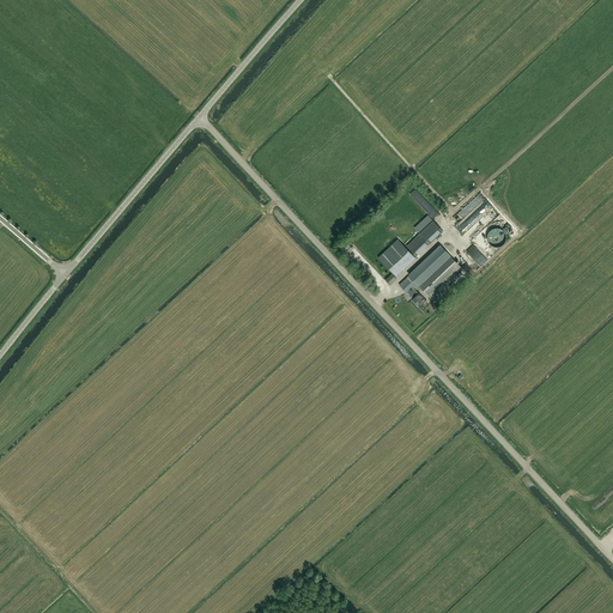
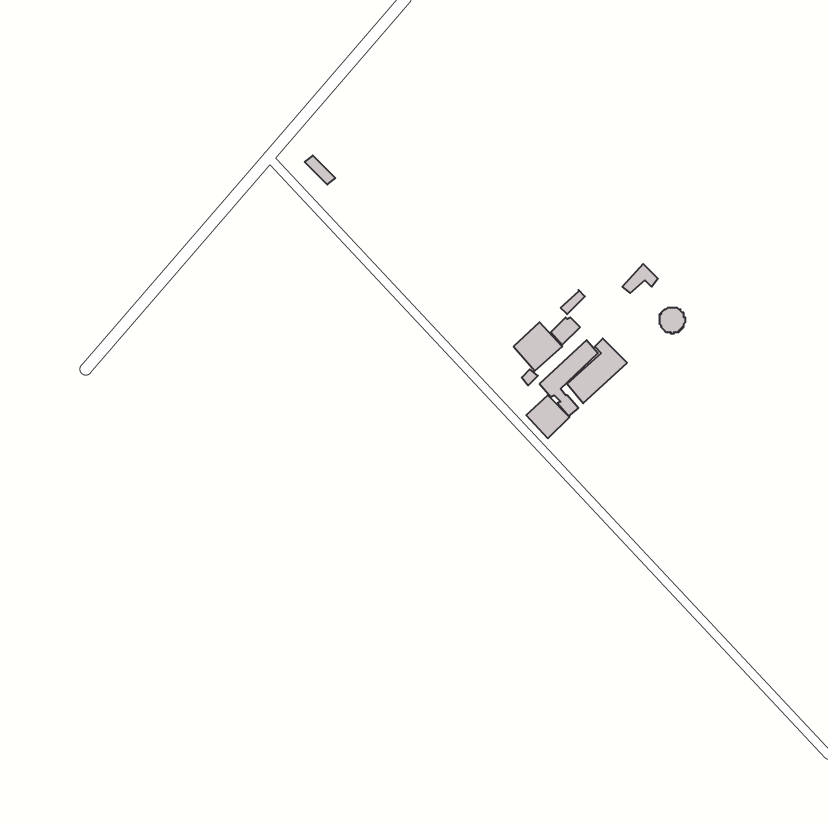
building: none -> [526,395,570,438]

